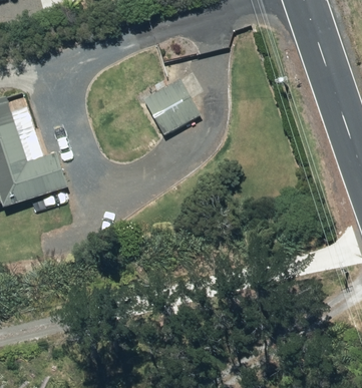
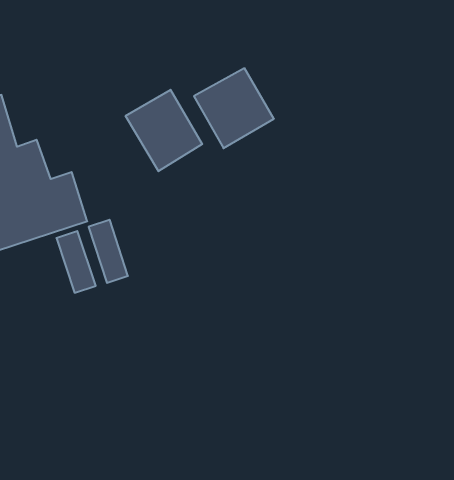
building: none -> [126,90,202,171]

